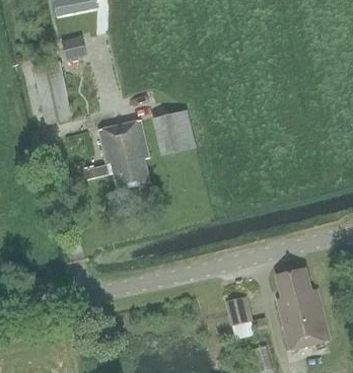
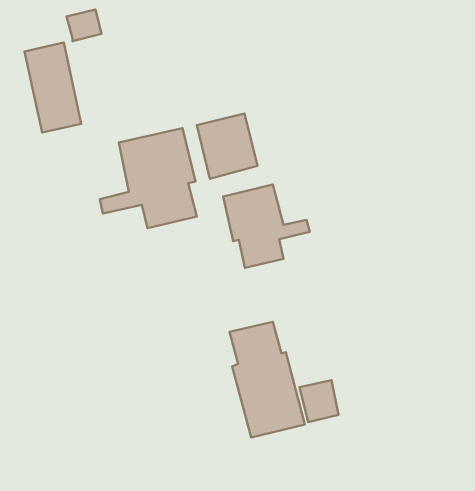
building: none -> [223,184,310,268]
building: [275,268,328,349] -> [229,322,305,438]

